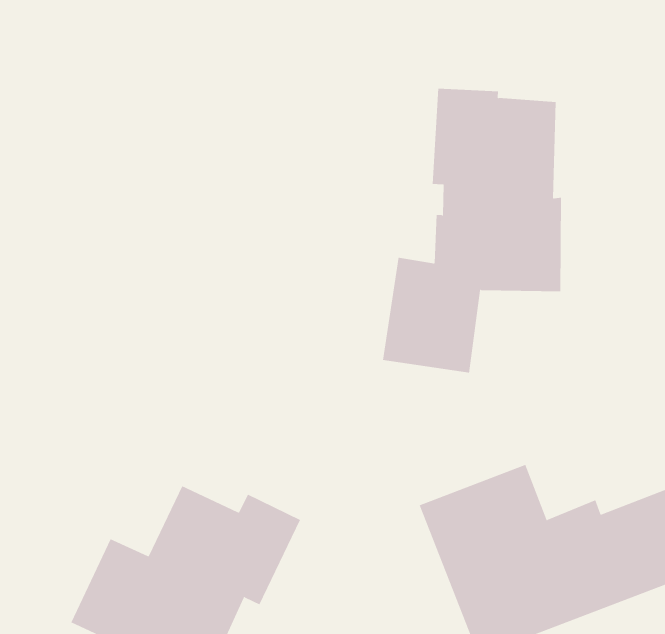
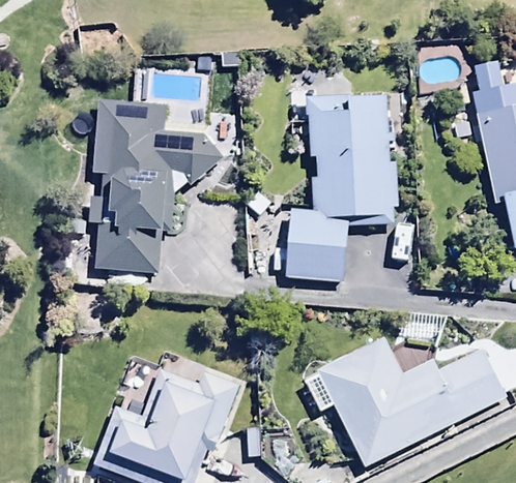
building: none -> [88,100,223,273]

